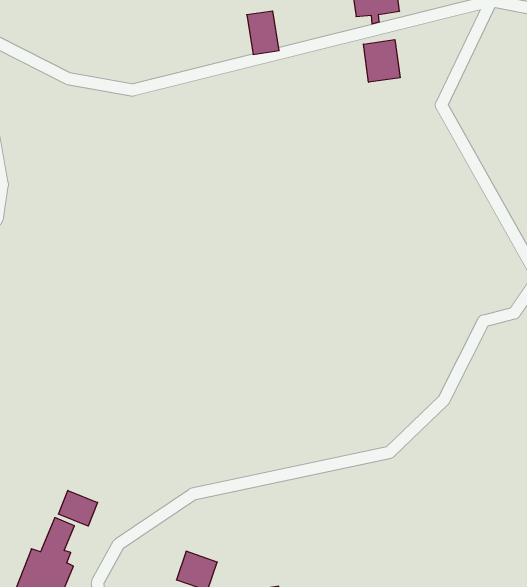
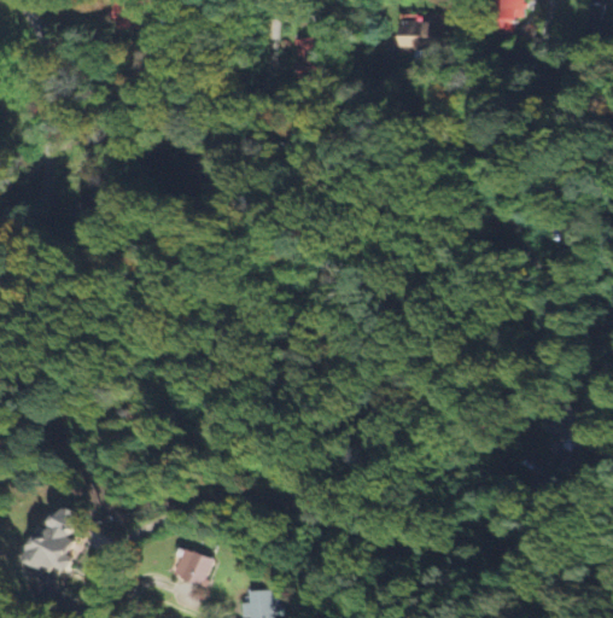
building: [363,40,400,82] -> none
building: [58,490,98,526] -> none

